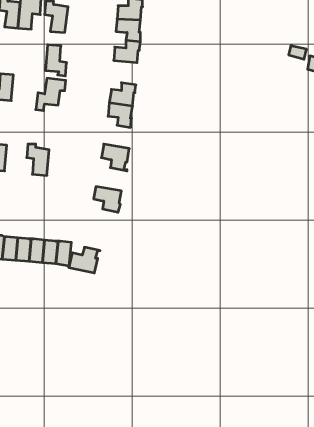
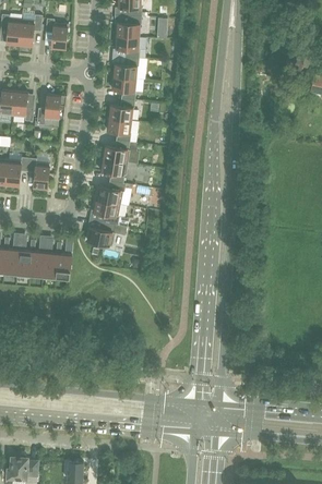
building: [45,45,67,76] -> [12,90,33,121]
building: none -> [111,76,135,100]
building: none -> [103,140,130,162]
building: none -> [5,157,28,185]
building: none -> [95,181,126,204]
building: [69,247,100,273] -> [86,221,117,246]

